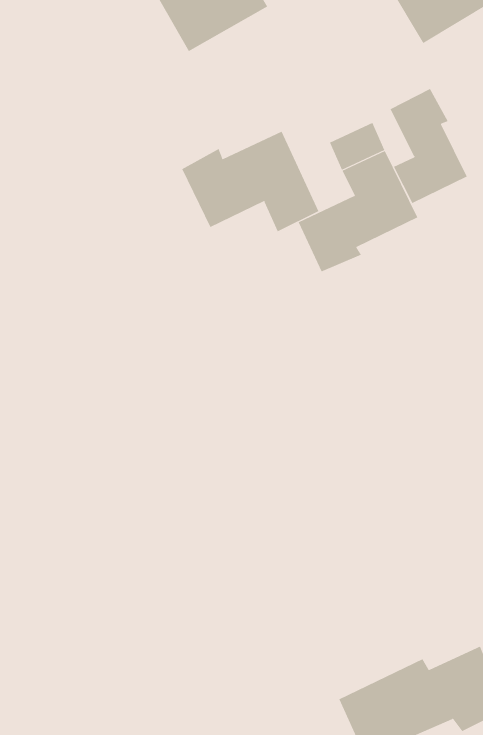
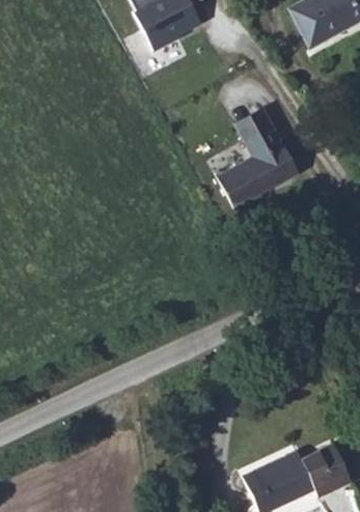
building: [390,88,467,204] -> none
building: [182,131,319,232] -> none

